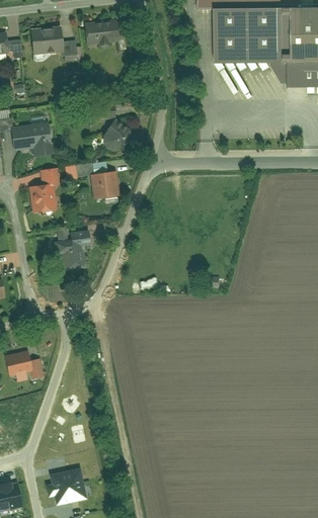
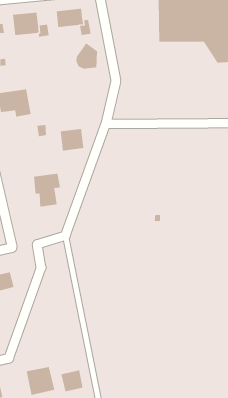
building: [103,117,132,151] -> [75,42,98,69]
building: [29,183,58,212] -> none
building: none -> [61,370,83,392]

